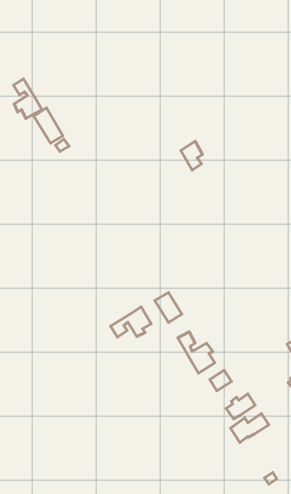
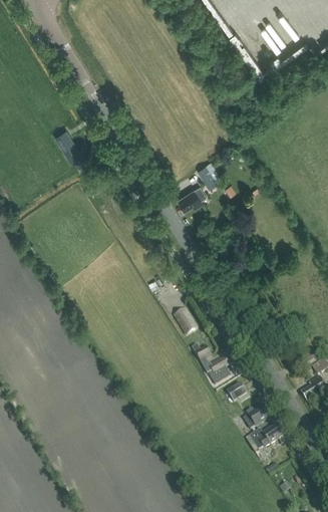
building: [13,79,42,118] -> none
building: none -> [179,183,207,208]
building: [110,307,151,337] -> none

